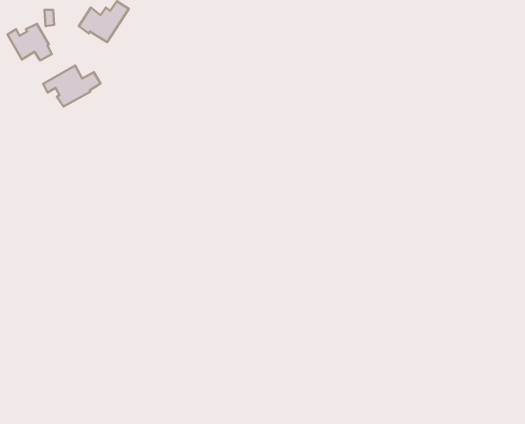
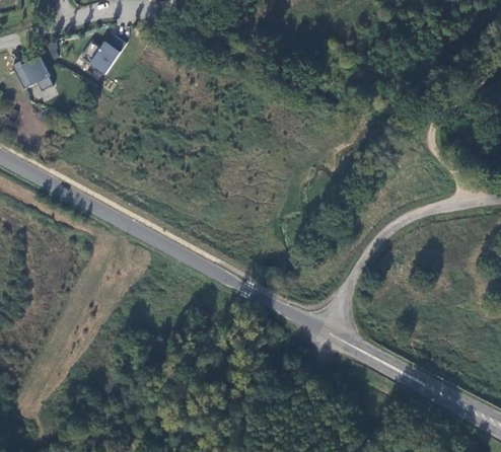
building: [43,66,101,107] -> none

